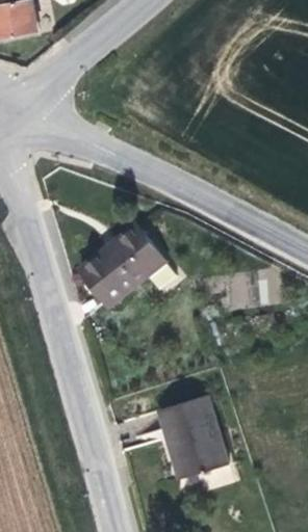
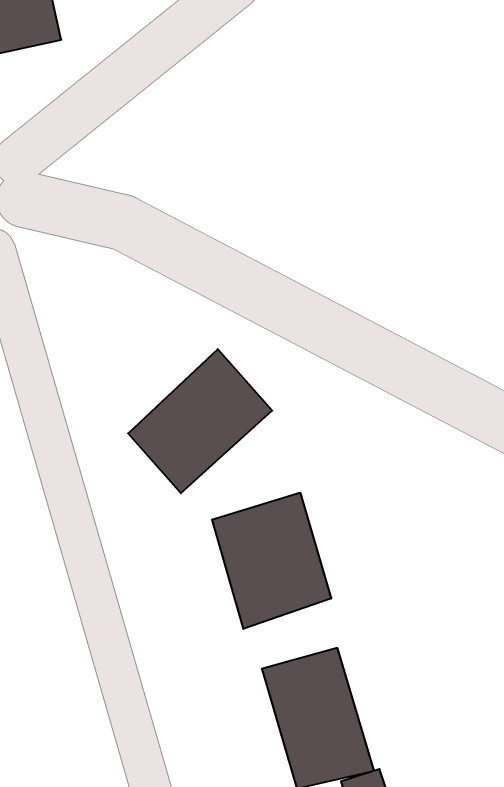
building: none -> [212,493,331,629]

